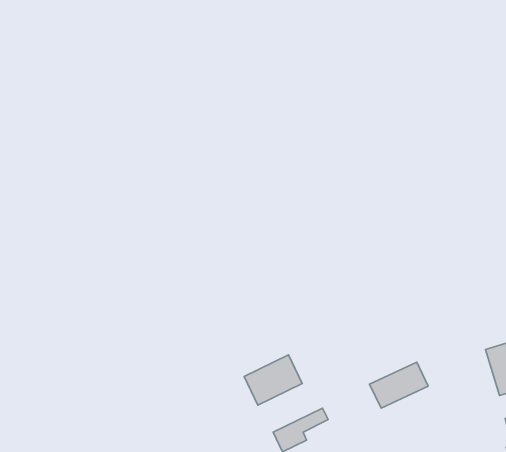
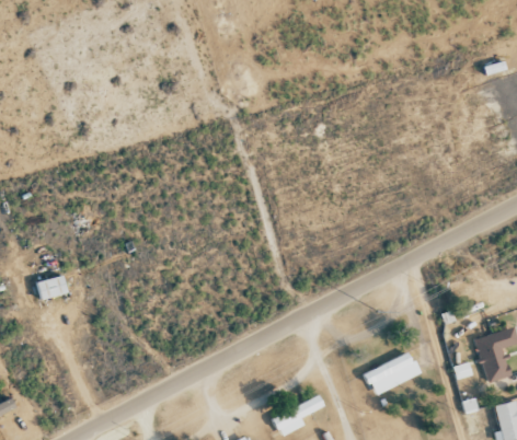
building: none -> [37,275,68,300]
building: [244,355,302,405] -> none

